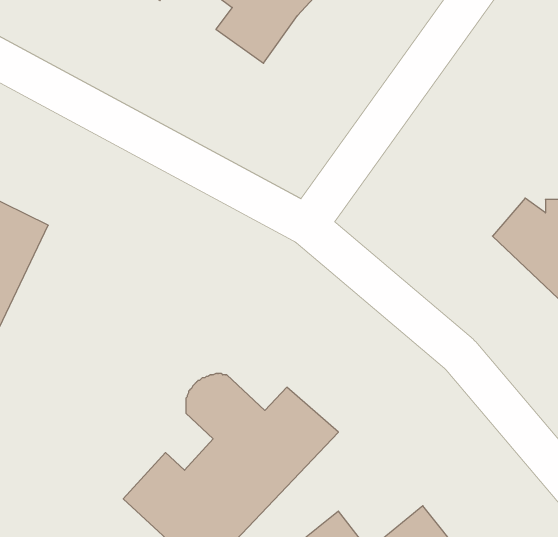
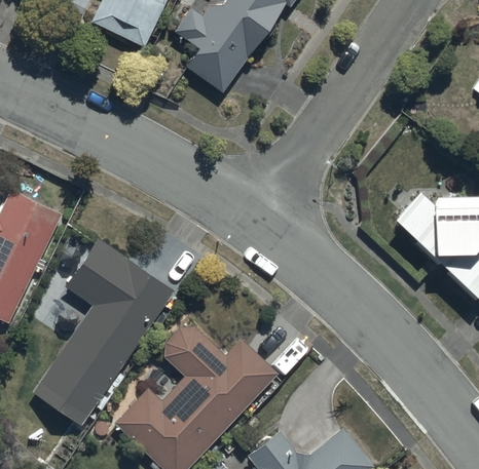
building: none -> [35,238,175,424]

